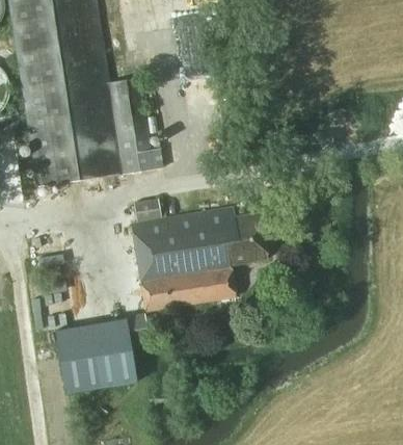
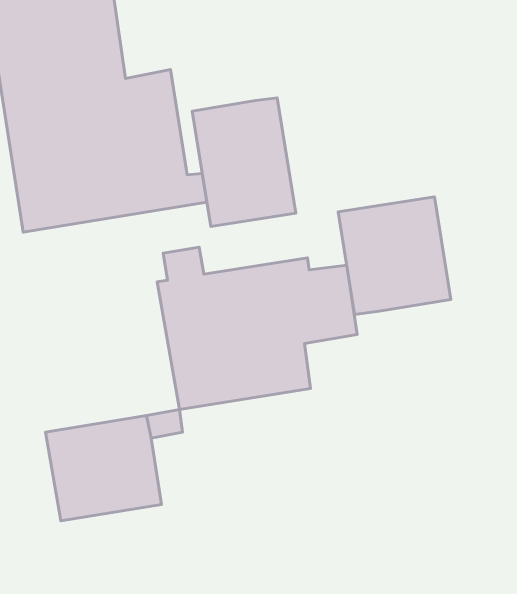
building: none -> [192,98,296,226]
building: none -> [338,197,451,314]

